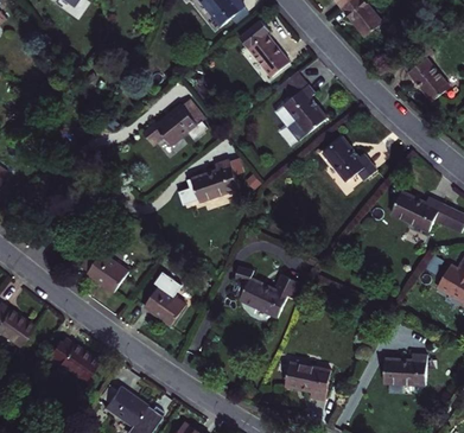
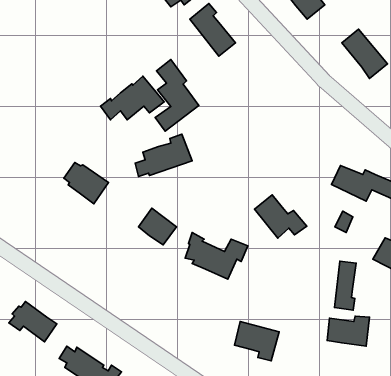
building: [280,71,326,147] -> [155,60,199,131]
building: [322,136,377,183] -> [254,195,307,238]
building: [83,248,131,292] -> [64,162,108,204]
building: [147,286,187,325] -> [138,208,176,245]
building: none -> [335,261,356,310]

